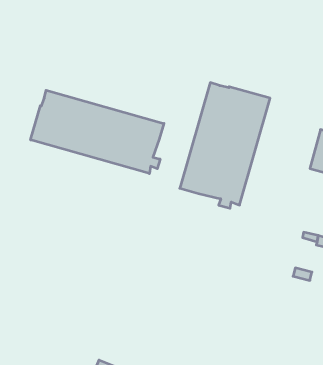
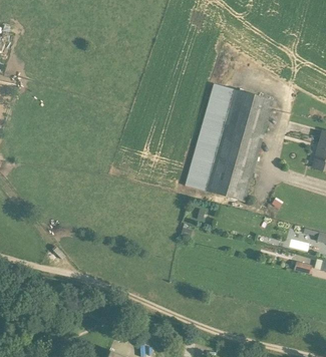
building: [31,90,164,174] -> none

